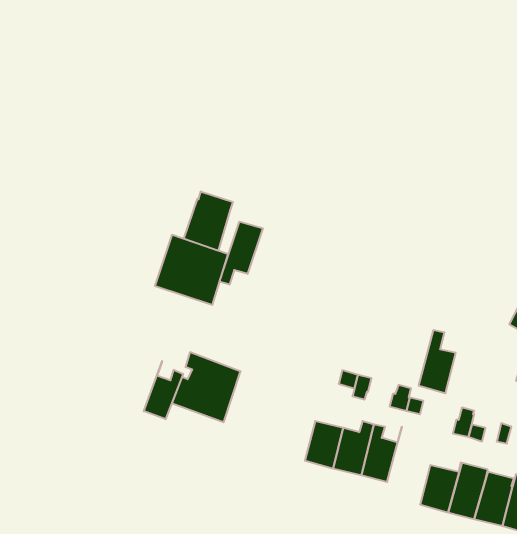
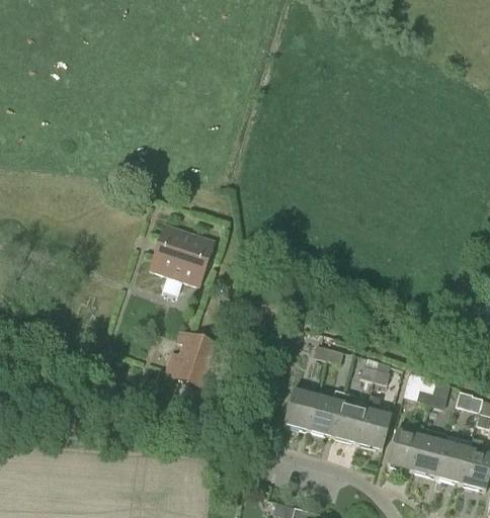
building: [184,191,233,251] -> none
building: [220,222,263,285] -> none
building: [419,330,456,393] -> [357,395,391,451]
building: [144,361,183,419] -> none

